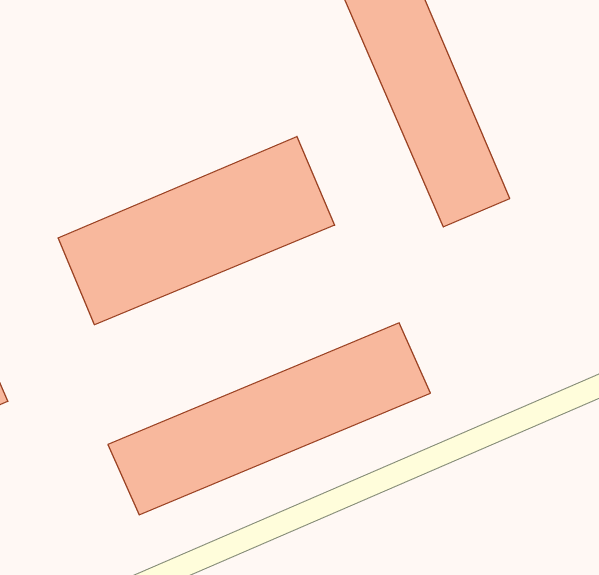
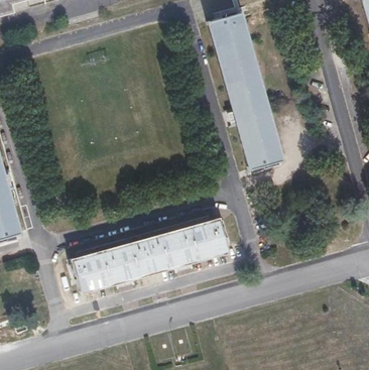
building: [58,136,335,325] -> none

